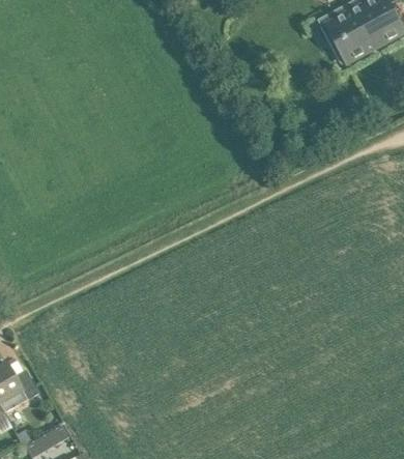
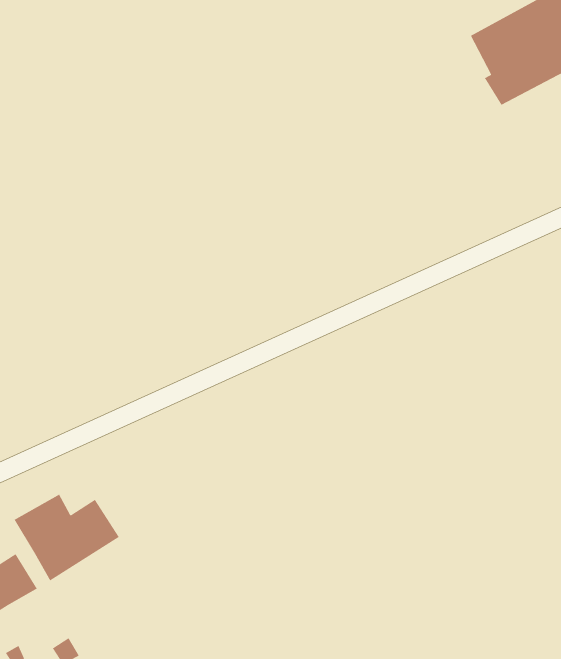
building: none -> [14,493,120,581]

